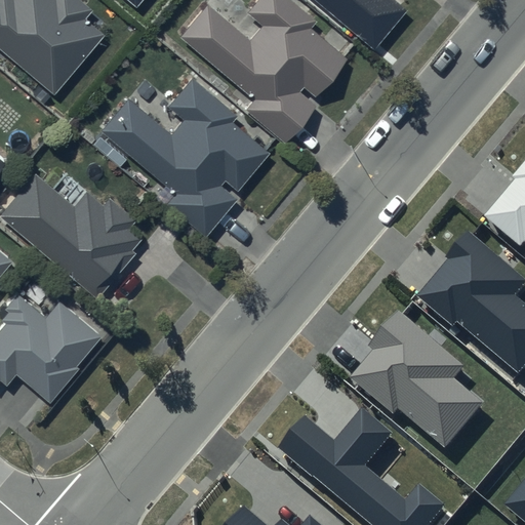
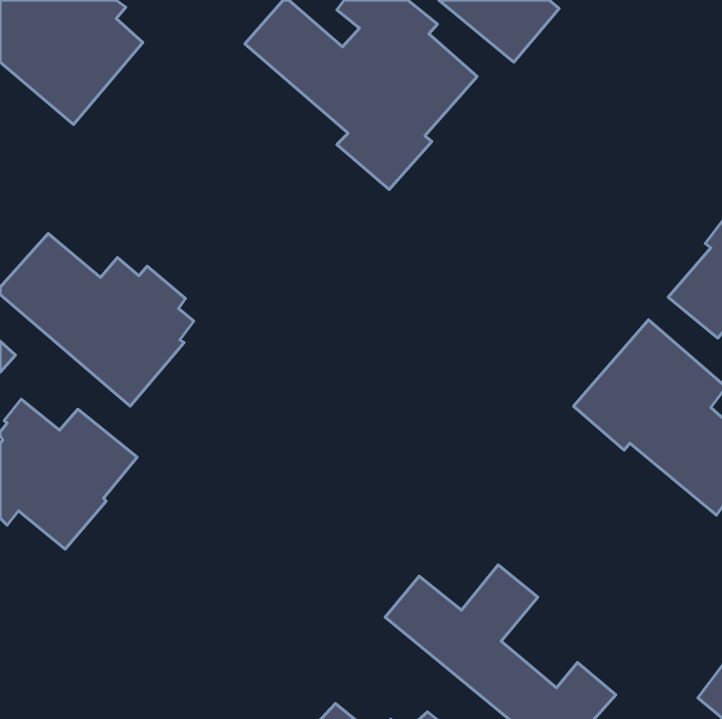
building: [99,76,269,236] -> none
building: [350,314,484,451] -> none

